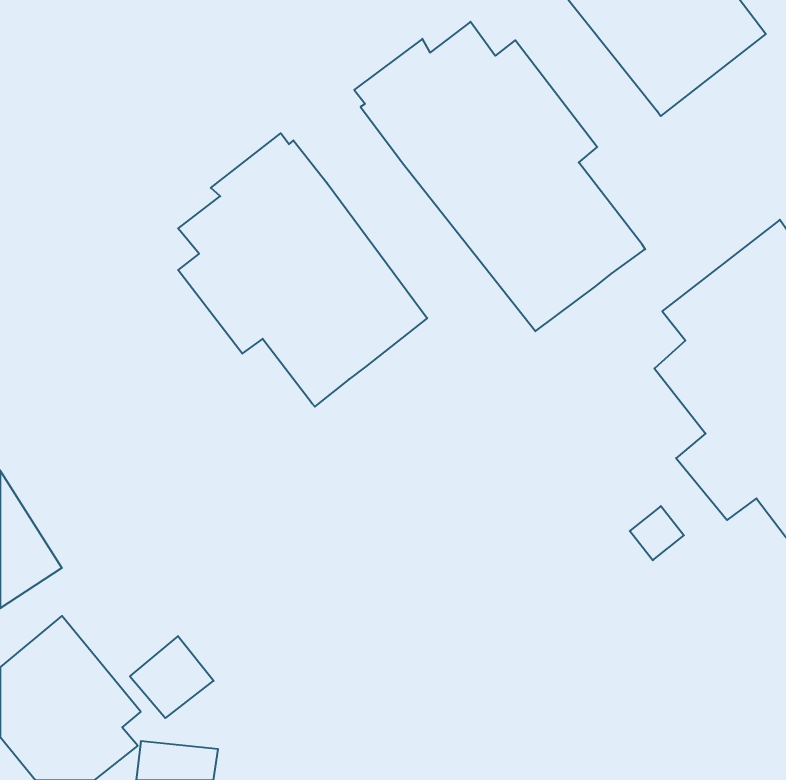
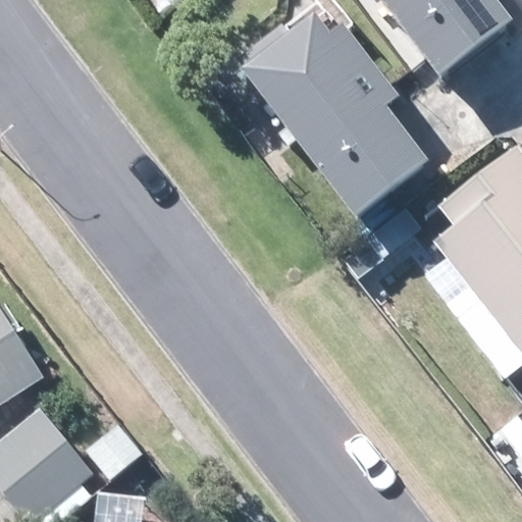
building: [178,133,427,407] -> none

